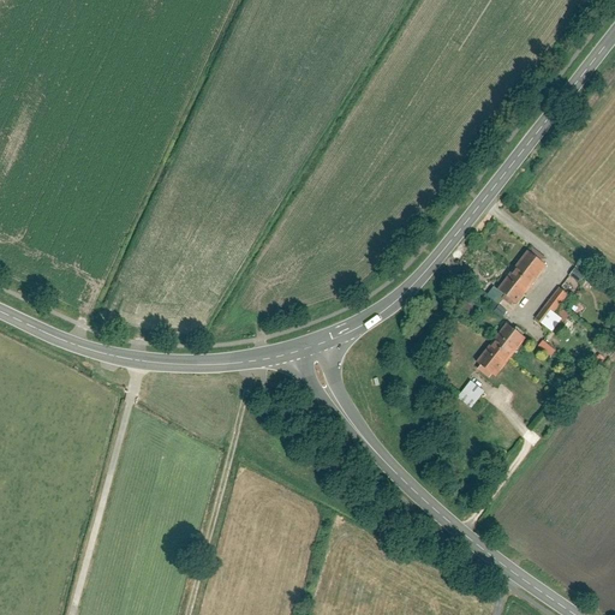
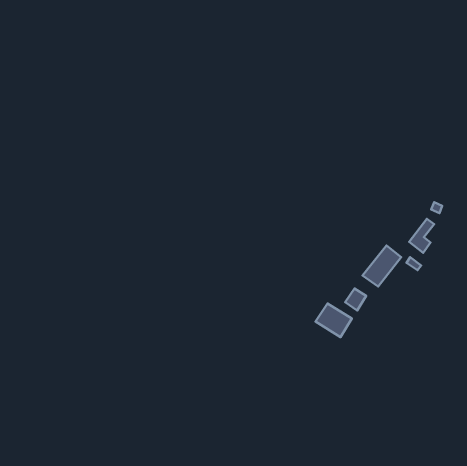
building: [496,250,548,304] -> none
building: none -> [315,303,352,337]

